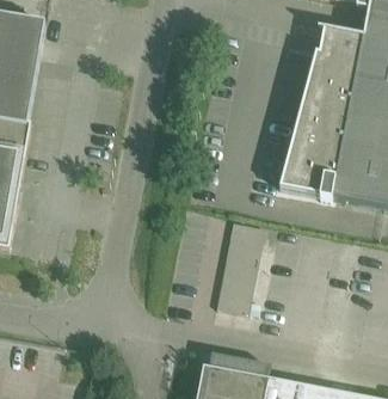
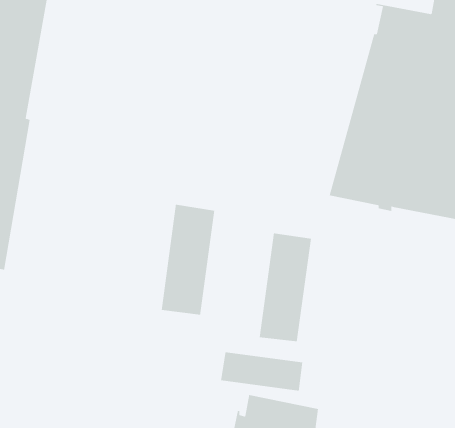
building: none -> [161,204,215,315]
building: none -> [220,351,303,391]

